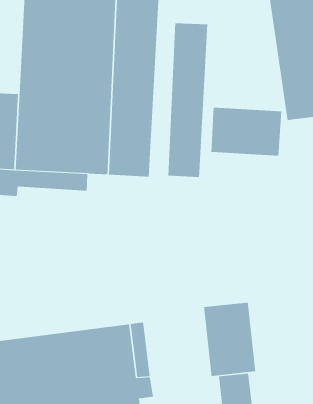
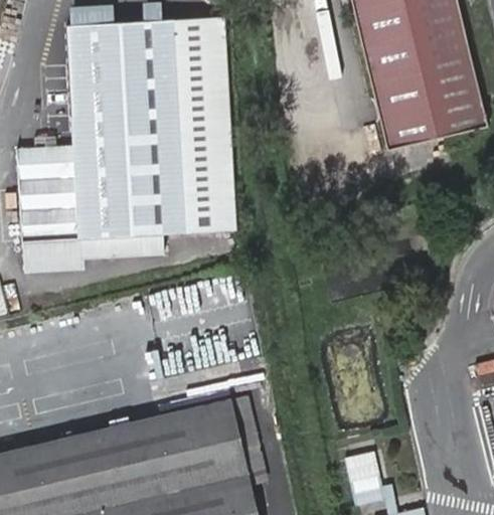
building: [168,23,208,178] -> none
building: [211,107,282,156] -> none
building: [203,302,256,377] -> none

